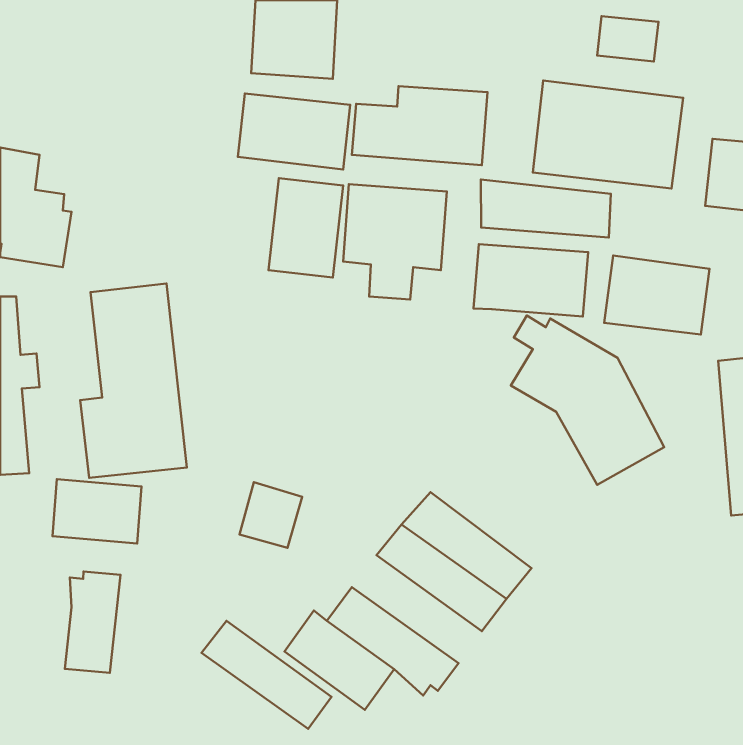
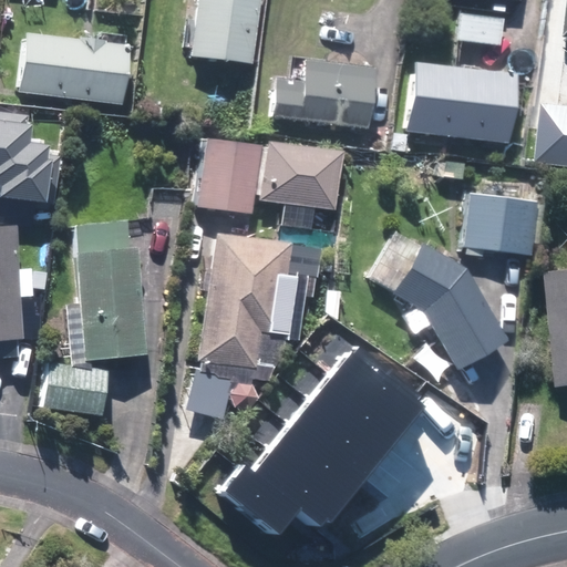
building: none -> [19,32,128,103]
building: [238,94,350,170] -> none
building: [481,180,611,238] -> none
building: [474,244,588,317] -> none
building: none -> [199,234,319,365]
building: none -> [329,347,424,432]
building: [65,572,120,673] -> none
building: [202,621,331,729] -> [269,422,368,504]

